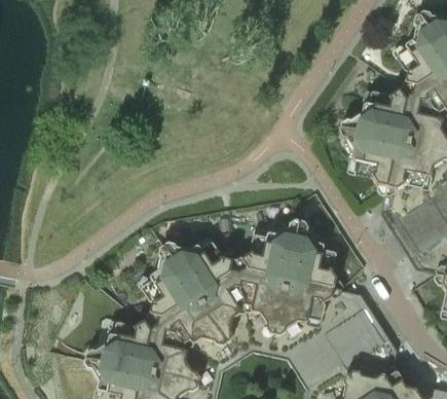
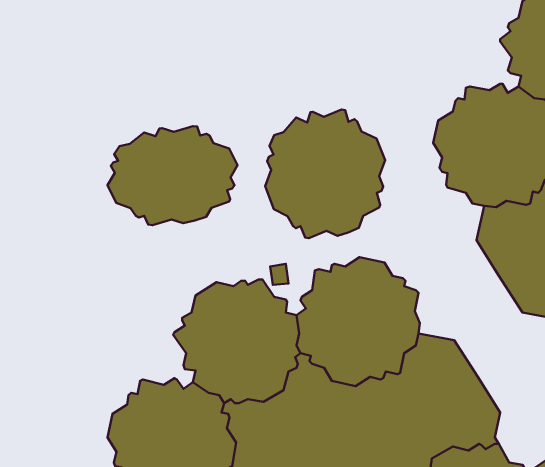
building: none -> [265,109,385,238]
building: none -> [108,126,238,225]

